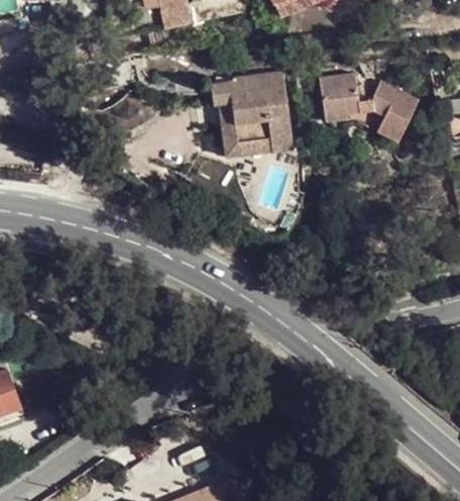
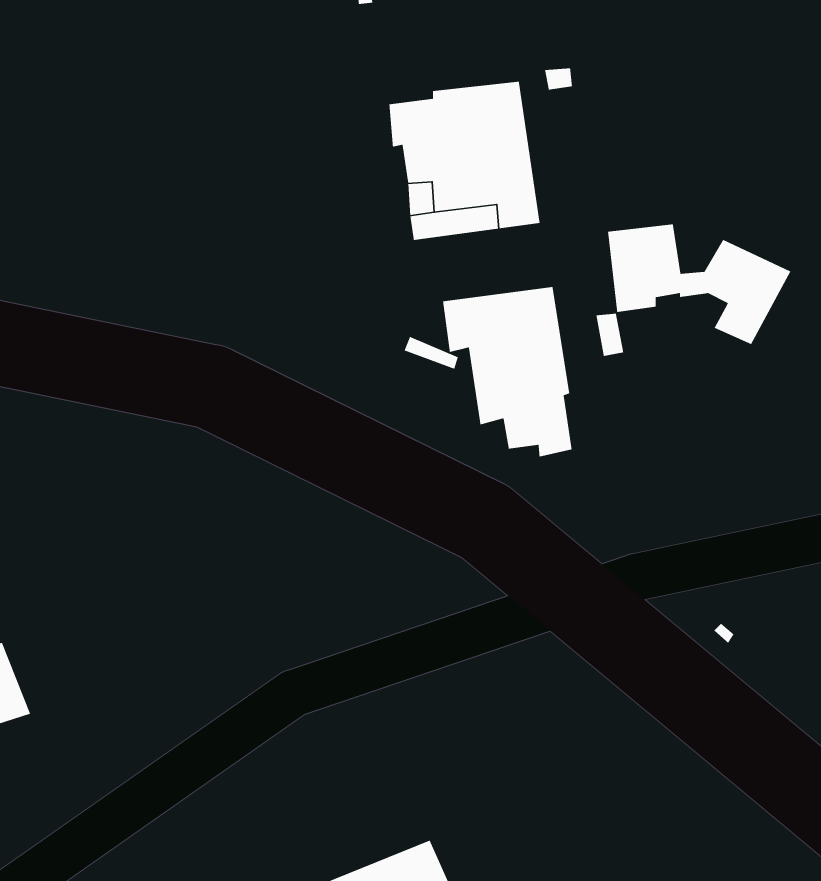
building: [320,74,418,138] -> [607,224,791,345]
building: none -> [442,286,572,458]

